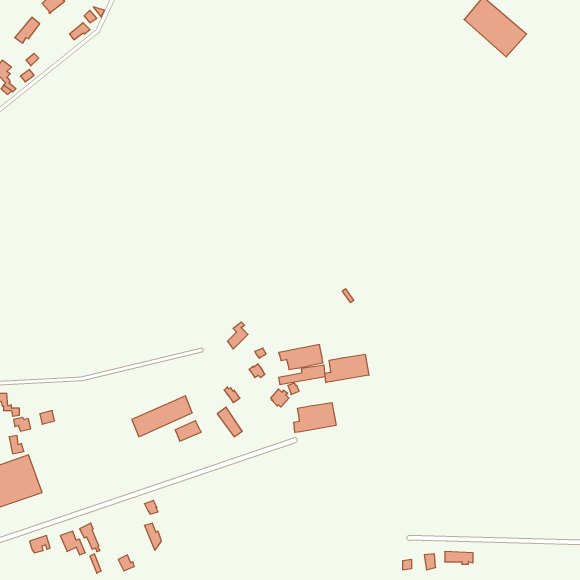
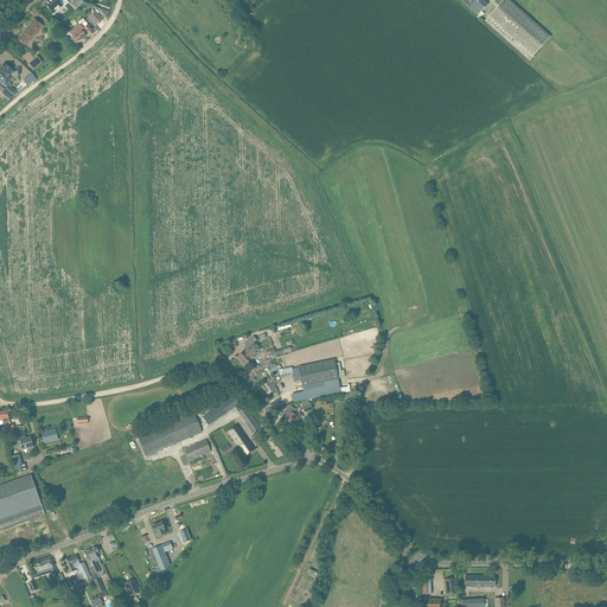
building: [325,354,369,383] -> none
building: [294,403,336,433] -> none

